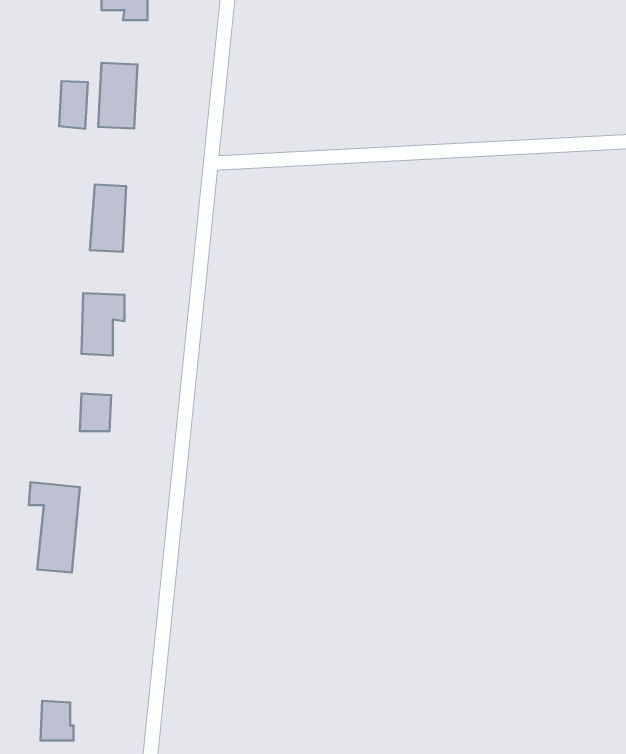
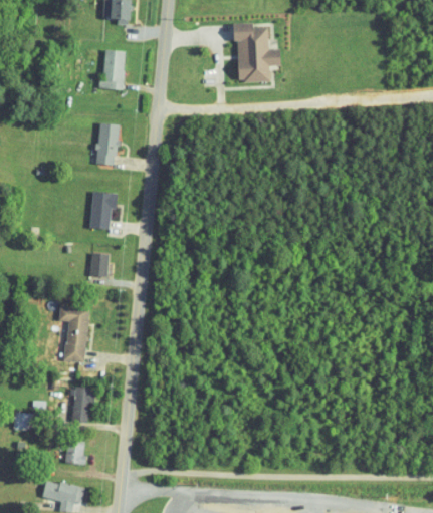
building: none -> [236,23,281,82]
building: [59,81,88,129] -> none
building: none -> [72,387,92,422]

